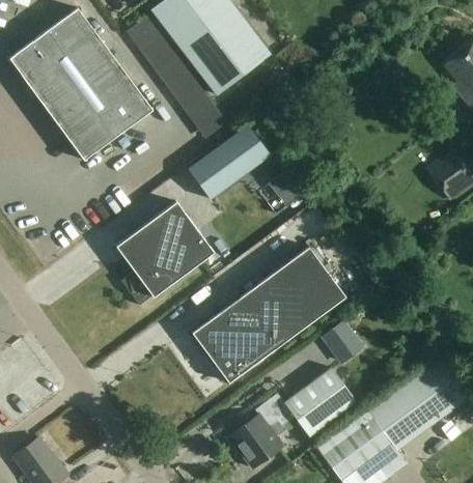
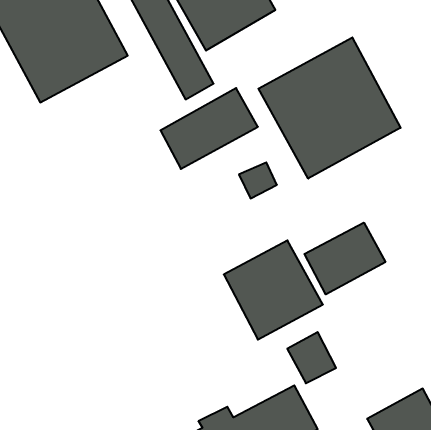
building: none -> [258,37,401,179]
building: [116,201,214,305] -> none
building: none -> [304,223,385,294]
building: [192,283,296,382] -> none

